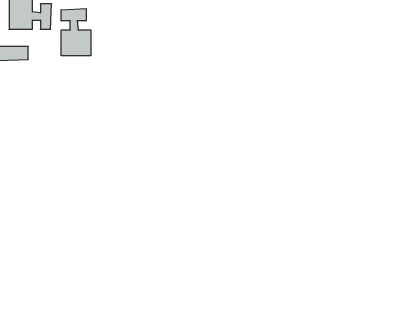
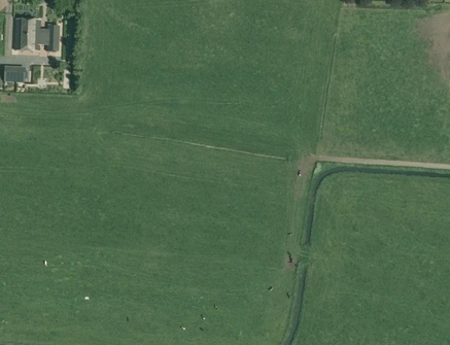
building: [61,9,91,56] -> none

